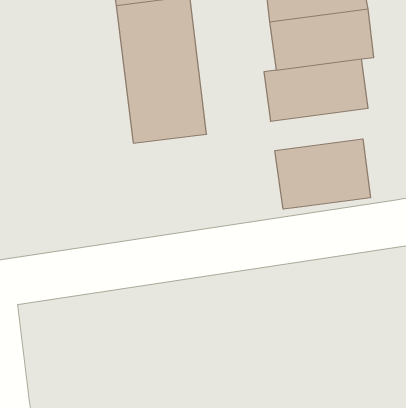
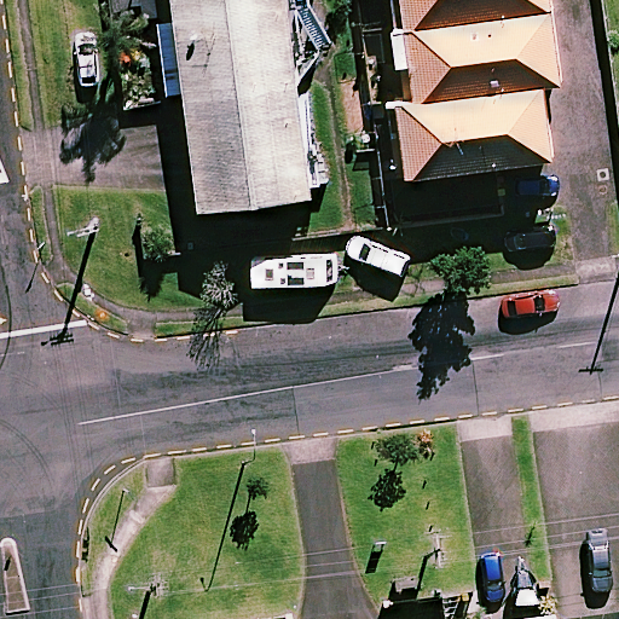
building: [275,139,370,209] -> none

